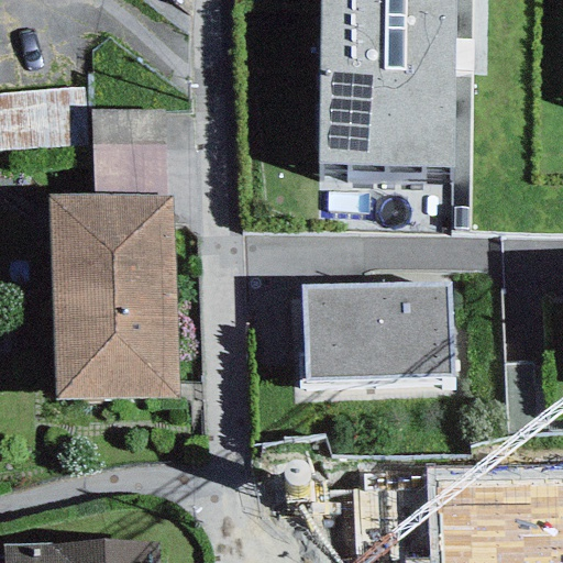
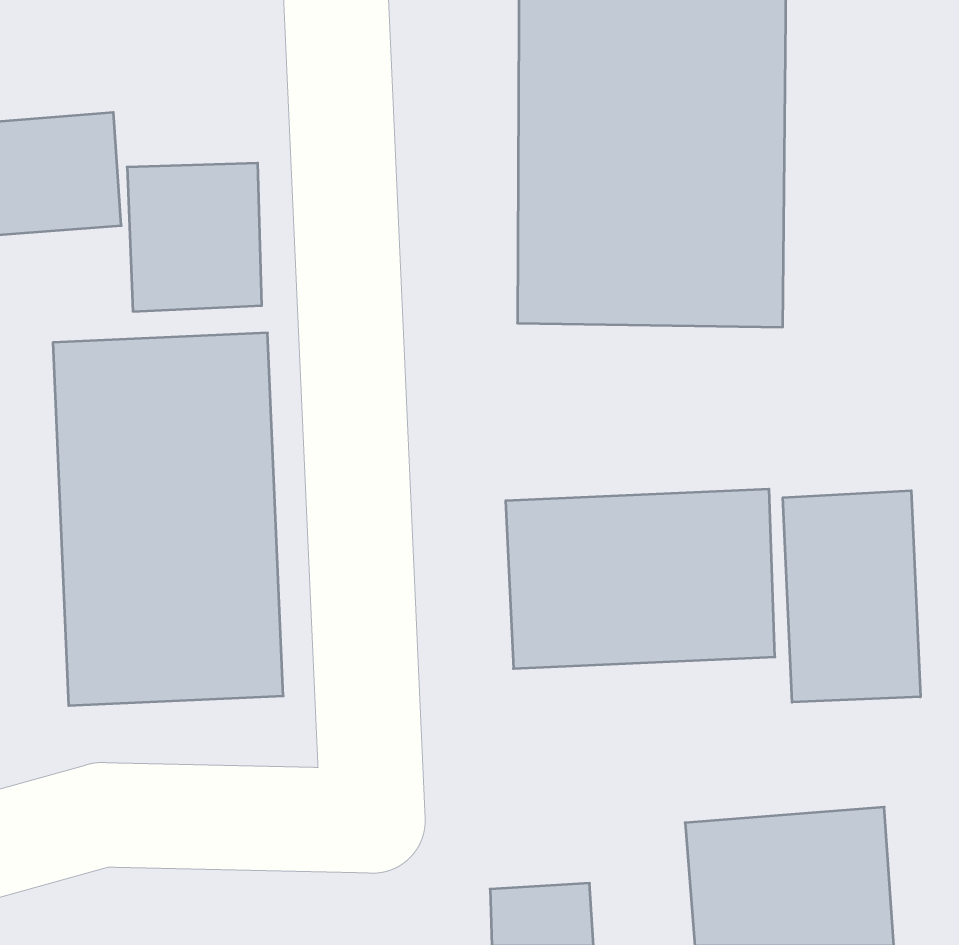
building: none -> [783,491,920,702]

